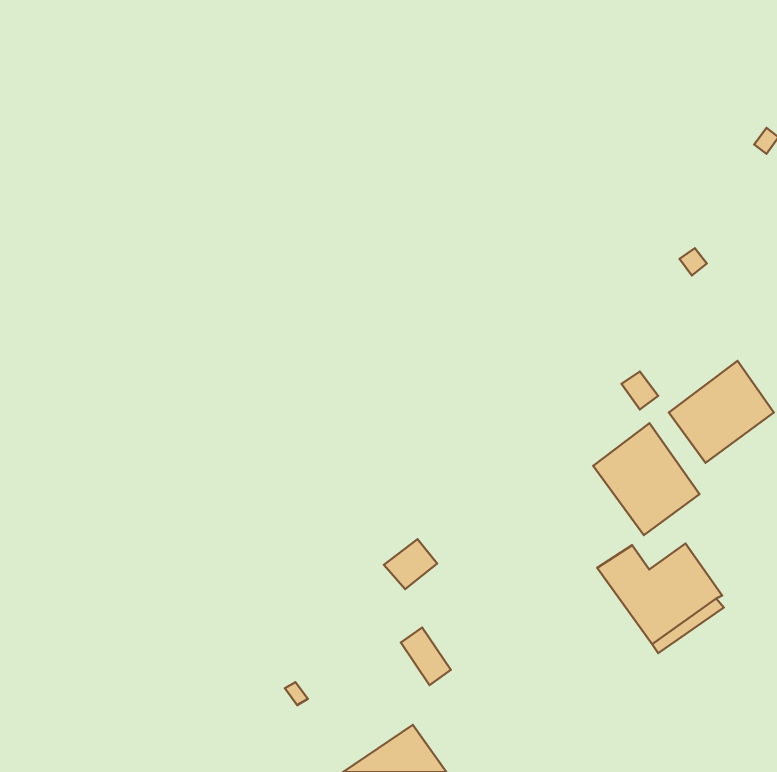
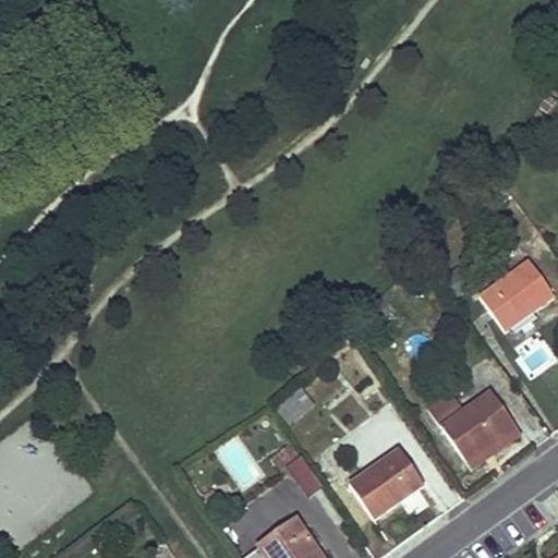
building: [593,423,700,535] -> none
building: none -> [350,448,425,520]

